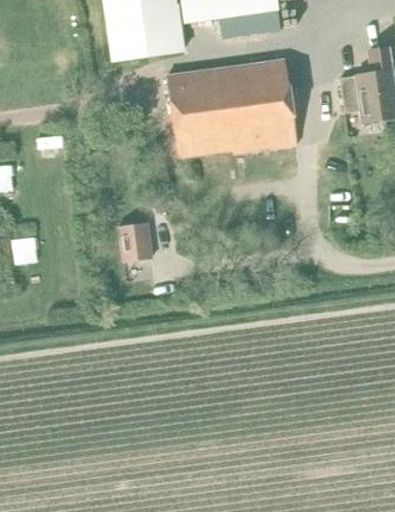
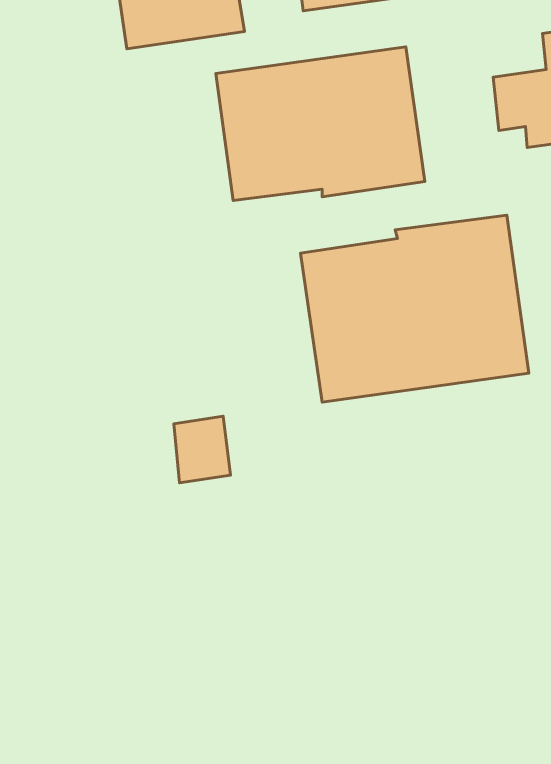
building: none -> [301,215,529,402]
building: [117,221,153,263] -> [174,416,231,483]

